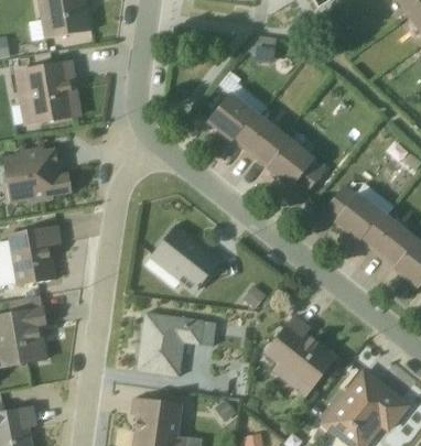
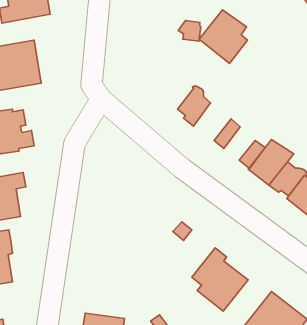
building: [208,84,268,150] -> [199,10,248,63]
building: [268,139,314,186] -> none
building: [144,224,220,293] -> none
building: [138,313,204,376] -> none

